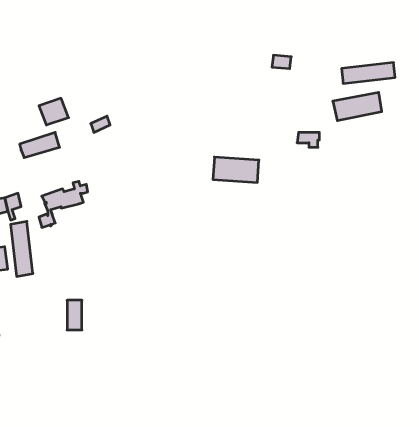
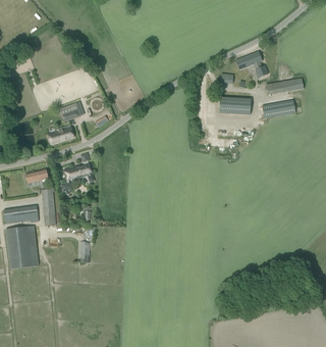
building: none -> [235,51,268,78]
building: [213,157,259,182] -> [219,97,251,114]

